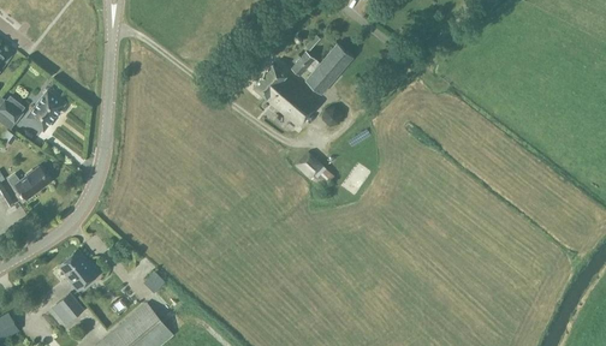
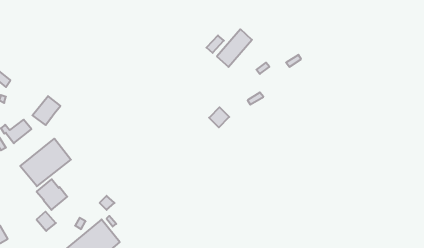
building: [252,65,317,126] -> none
building: [26,90,65,130] -> [32,96,60,125]
building: none -> [20,139,71,186]

